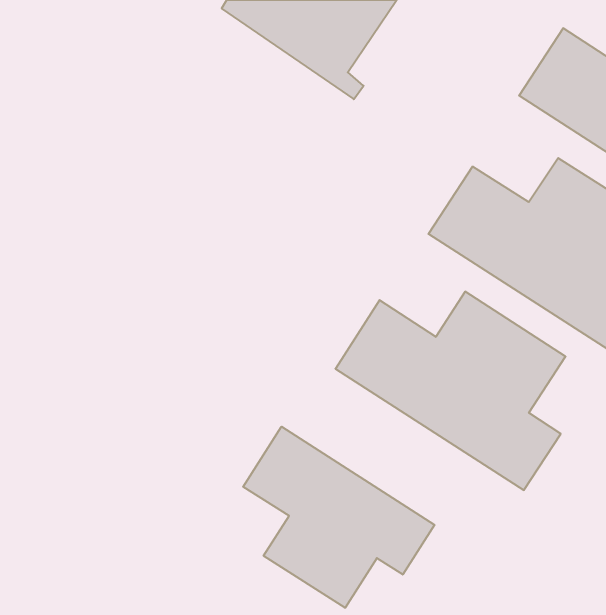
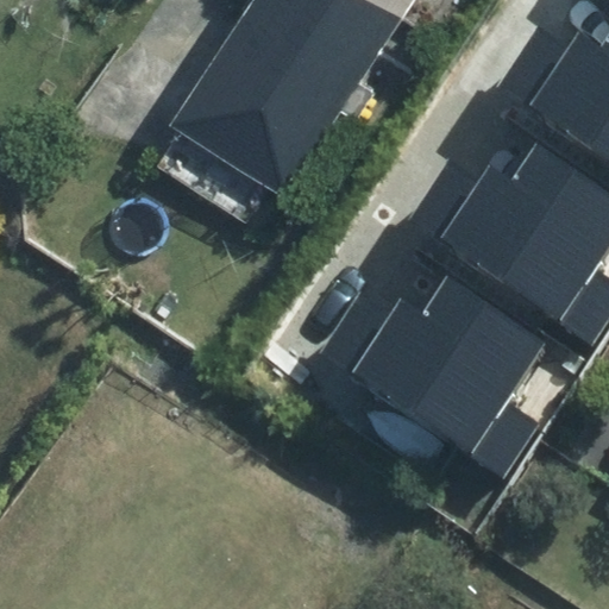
building: none -> [168,19,363,193]
building: [243,427,434,608] -> none

